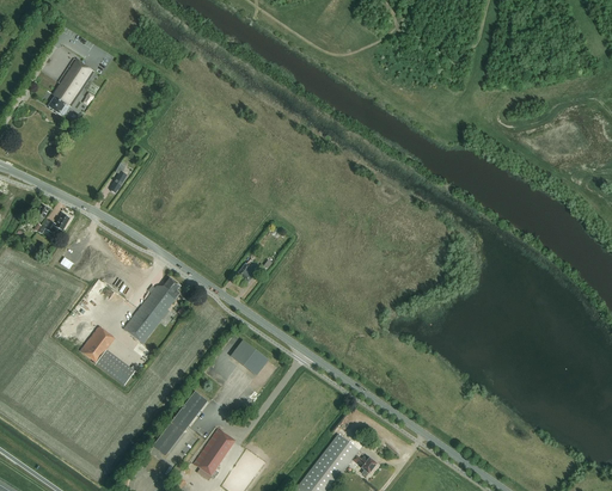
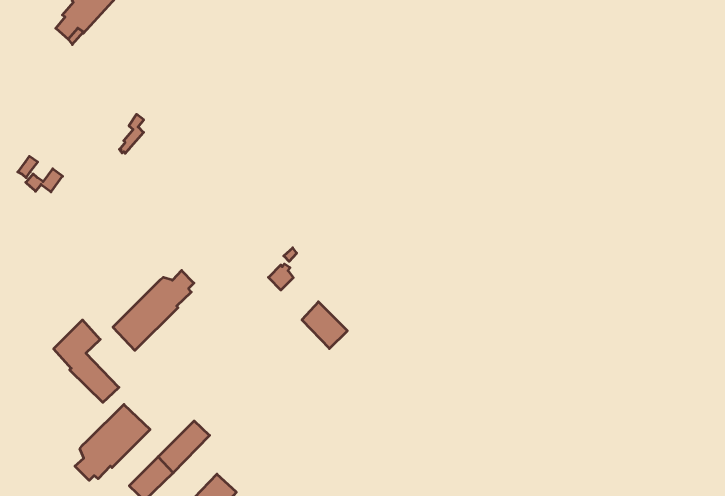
building: [231,339,267,374] -> [302,302,347,349]
building: none -> [75,404,150,480]

